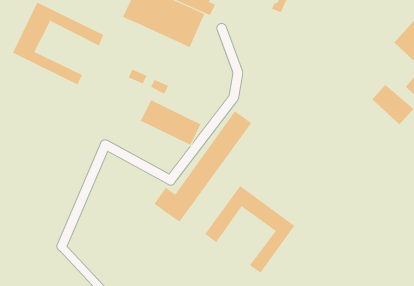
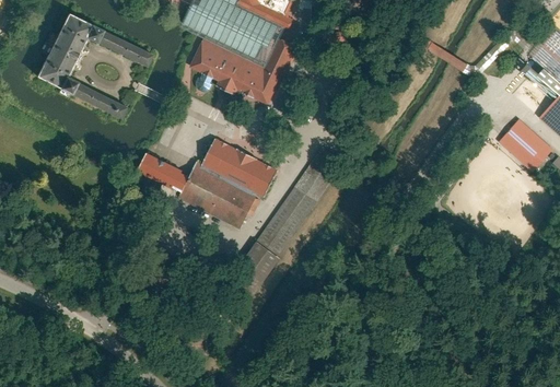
building: none -> [191,34,302,105]
building: none -> [136,149,259,228]
building: [204,185,295,273] -> none

